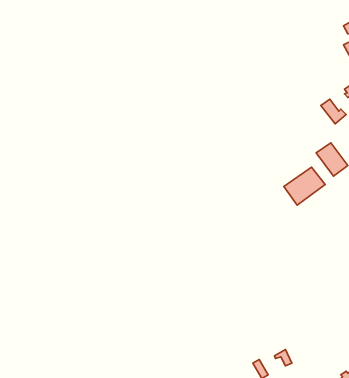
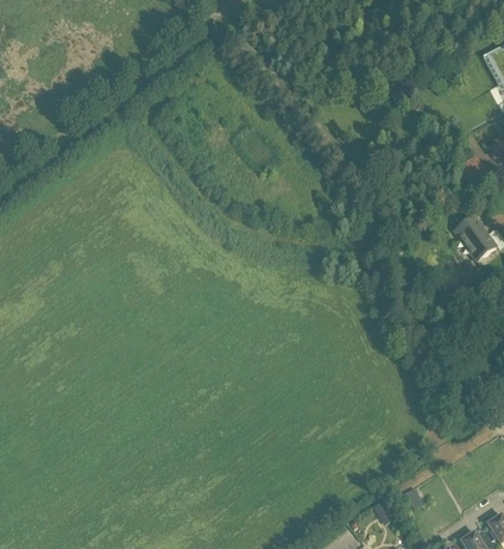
building: [284,167,325,205] -> none

